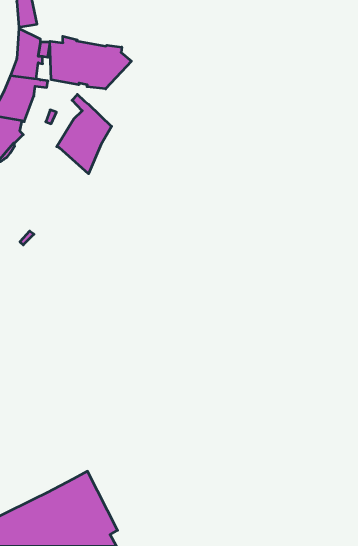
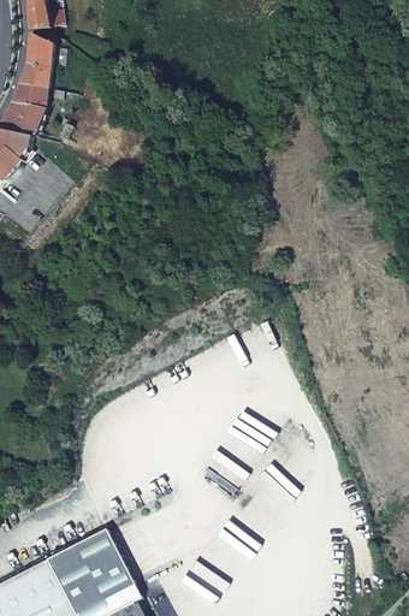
building: [50,36,131,89] -> none
building: [57,94,112,174] -> none

